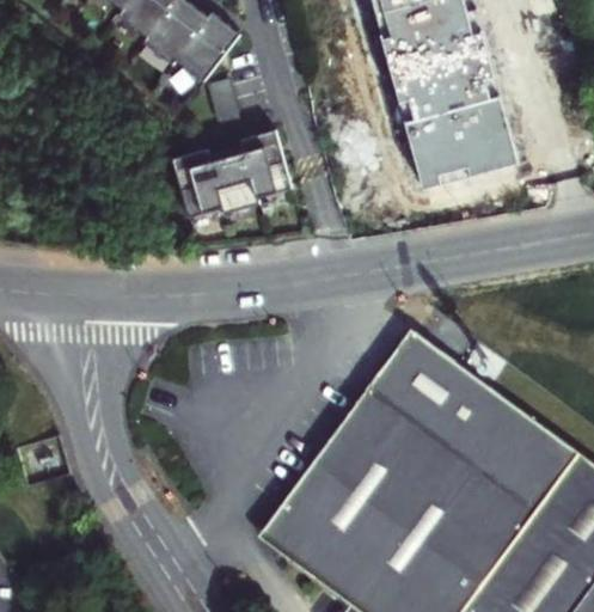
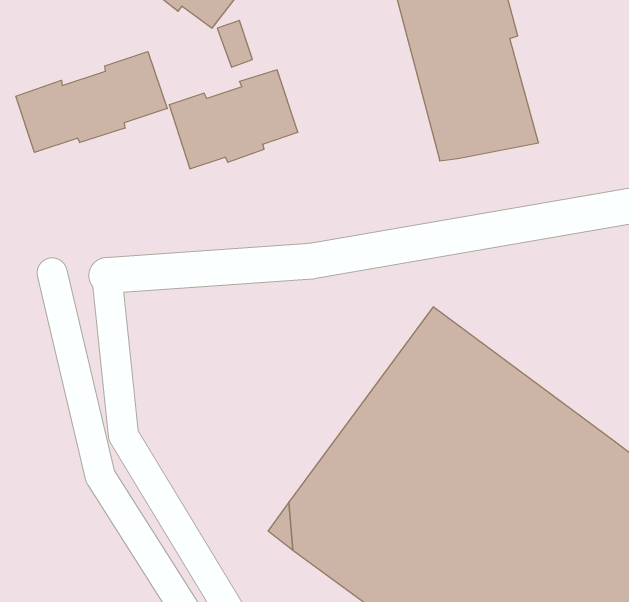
building: none -> [16,52,167,152]

